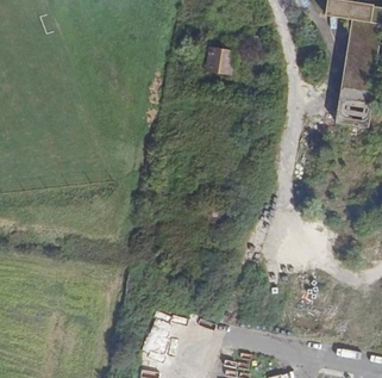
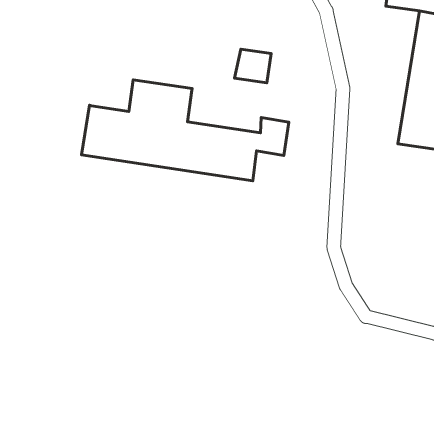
building: none -> [81,80,289,181]

